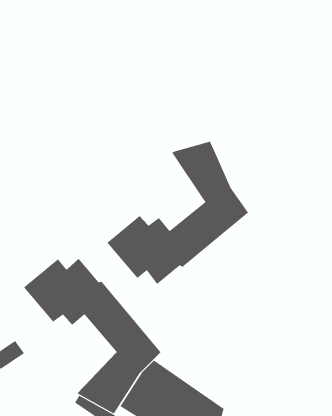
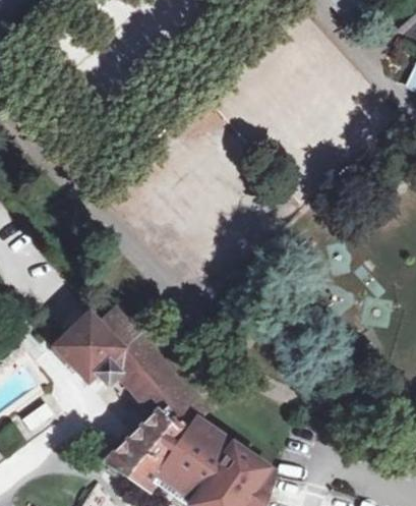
building: [106,141,249,285] -> none

